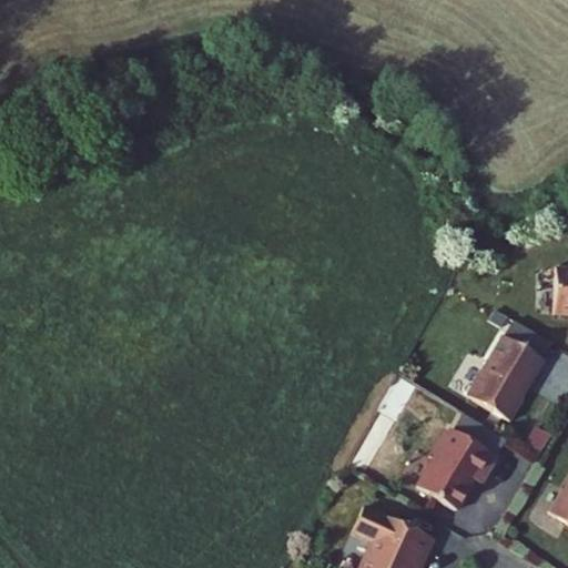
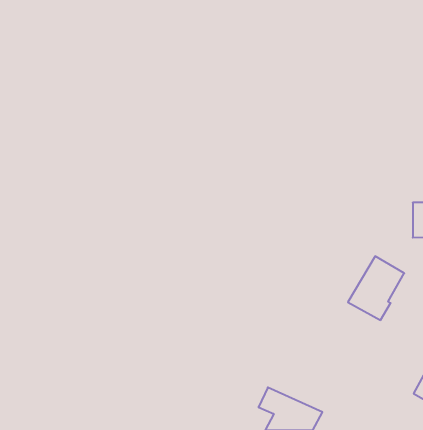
building: [418,427,498,507] -> none

